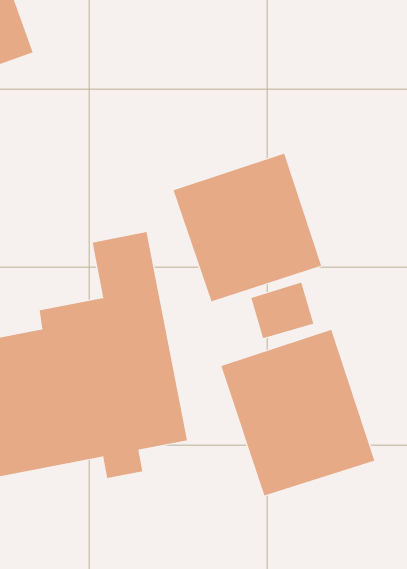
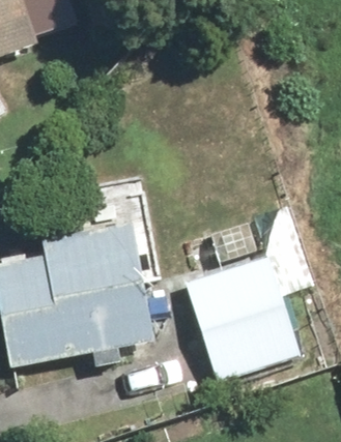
building: [173,153,322,302] -> none

